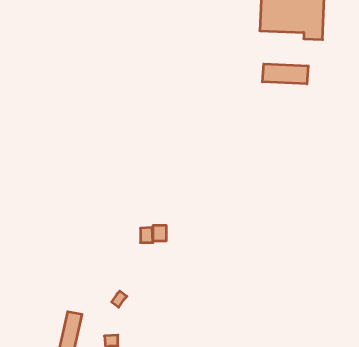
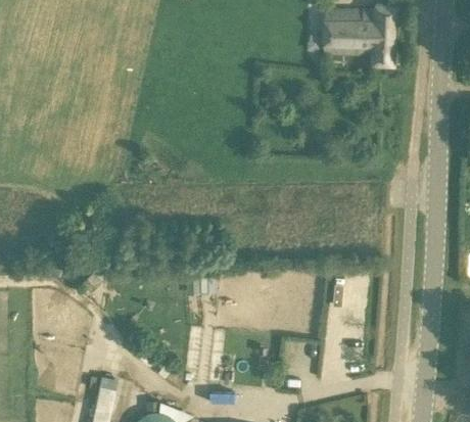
building: [262,64,308,84] -> none

